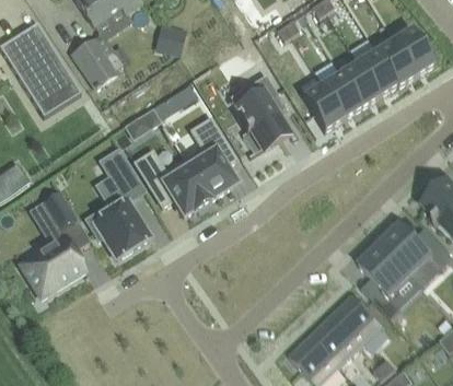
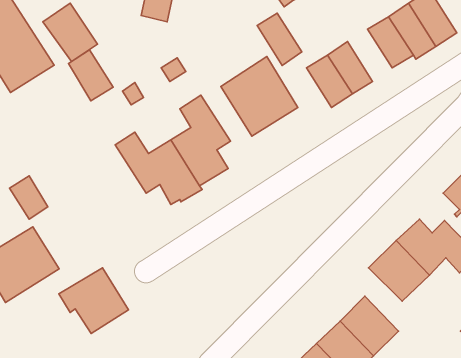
building: [339,60,379,106] -> [257,13,302,65]
building: [101,149,140,194] -> [68,50,113,101]
building: [90,201,151,259] -> [59,268,128,334]

